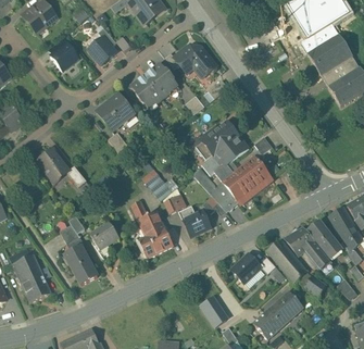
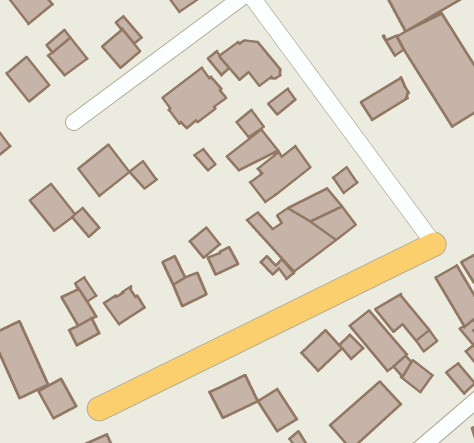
building: none -> [7,57,49,101]
building: none -> [361,77,409,120]
building: [97,95,134,132] -> [78,145,129,196]
building: [213,136,250,165] -> [227,129,278,170]
building: [178,208,211,237] -> none
building: [307,221,341,258] -> none
building: [138,227,173,258] -> [209,375,258,418]
building: [70,255,97,284] -> [39,379,76,418]

